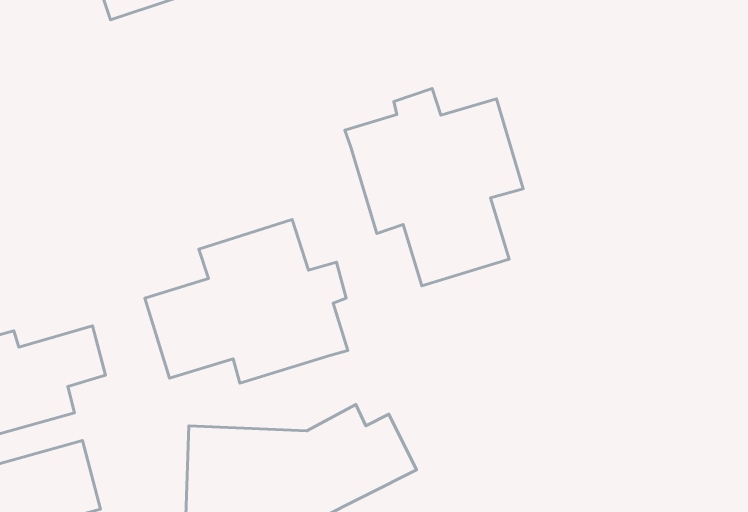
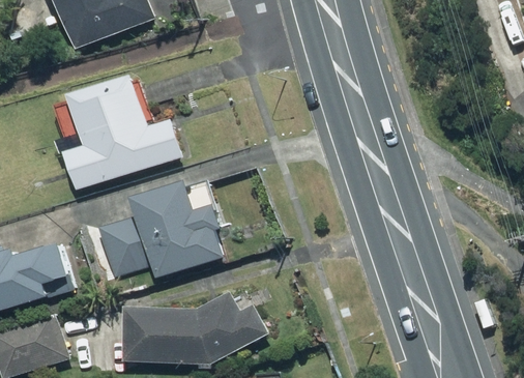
building: none -> [62,76,180,187]
building: [345,89,523,286] -> none

